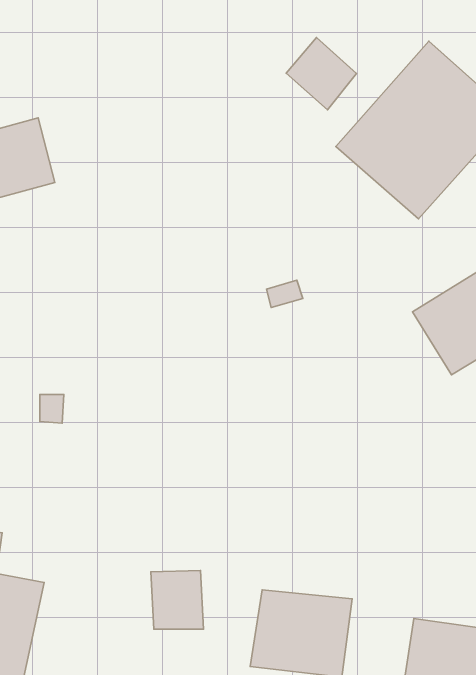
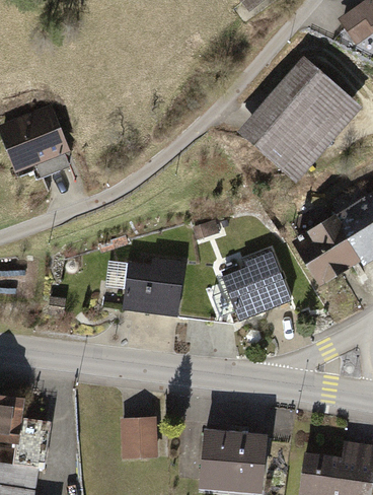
building: [286,38,357,110] -> none
building: none -> [226,253,291,320]
building: none -> [127,262,185,315]

